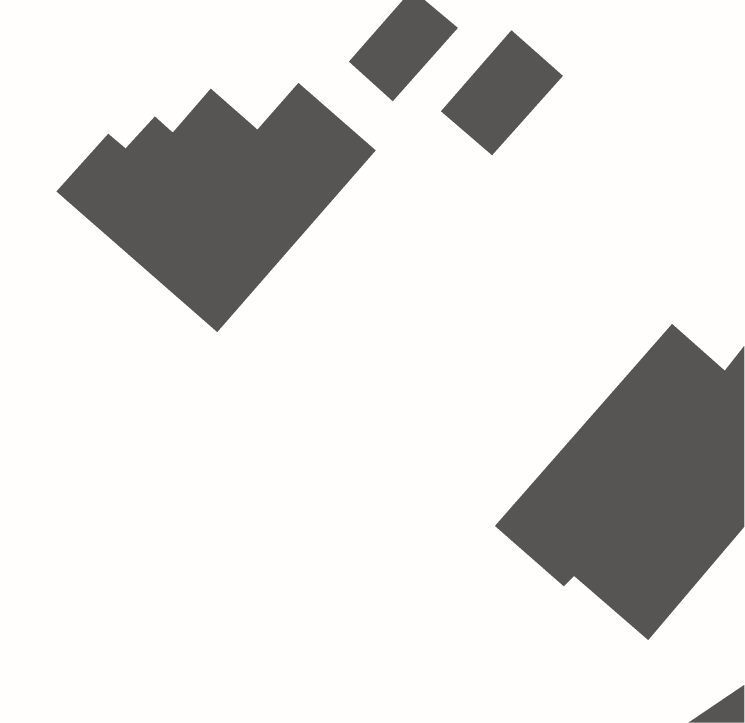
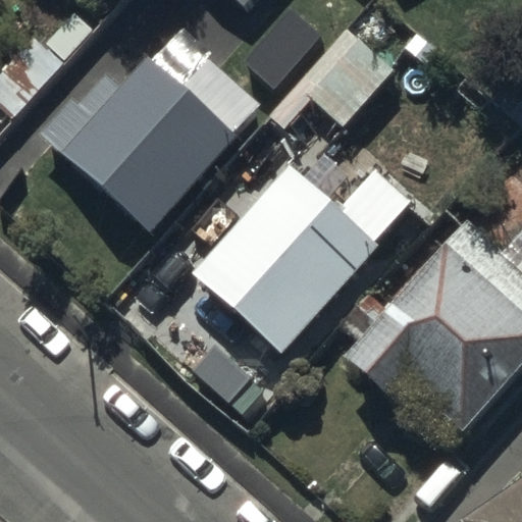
building: none -> [194,169,413,354]

